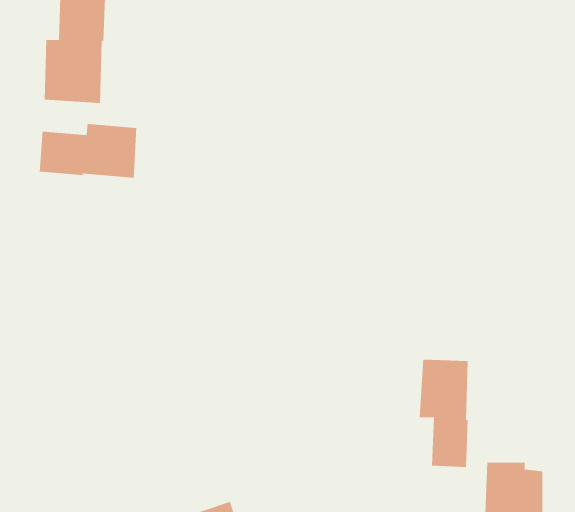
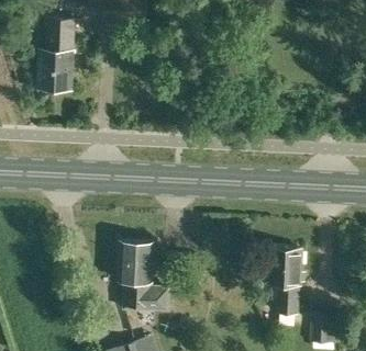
building: [39,123,137,179] -> none
building: none -> [117,241,170,313]

